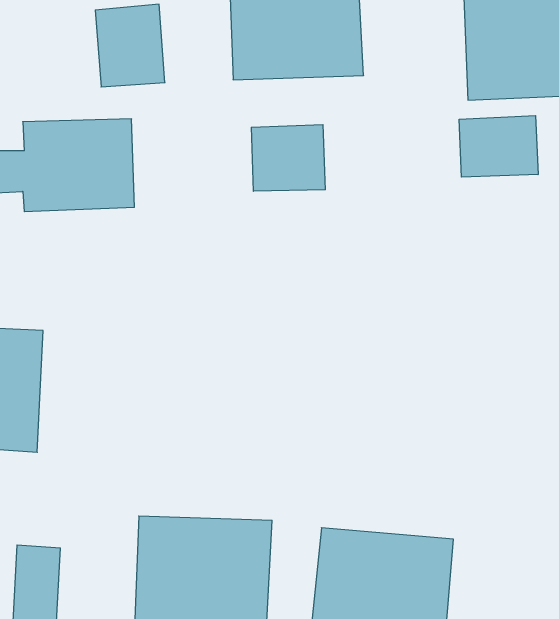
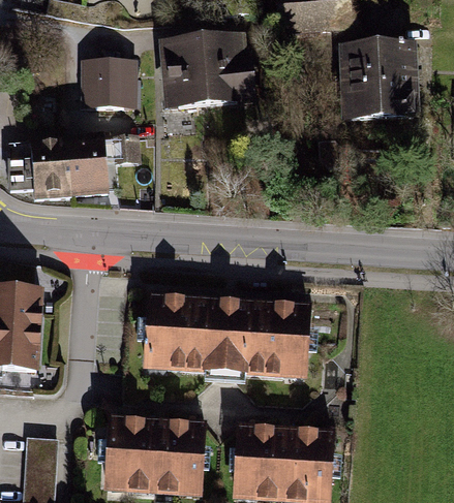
building: [459,116,538,177] -> none
building: [251,125,325,191] -> none
building: none -> [145,293,310,378]

